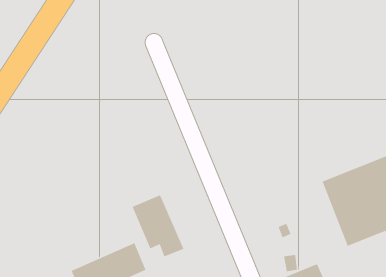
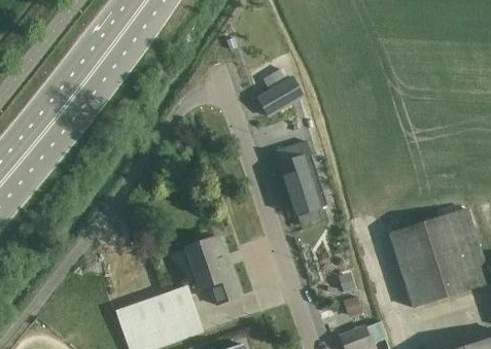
building: none -> [257,76,303,115]
building: none -> [275,142,326,215]

